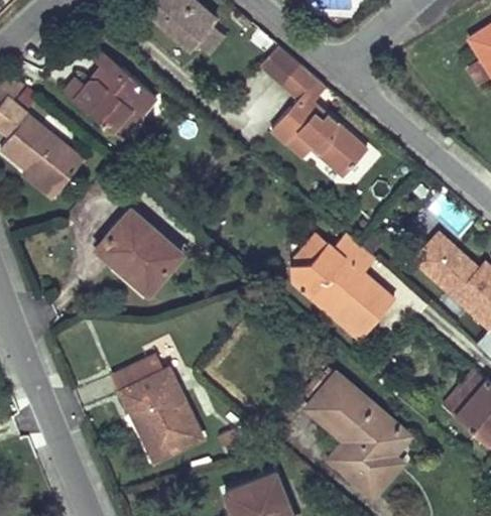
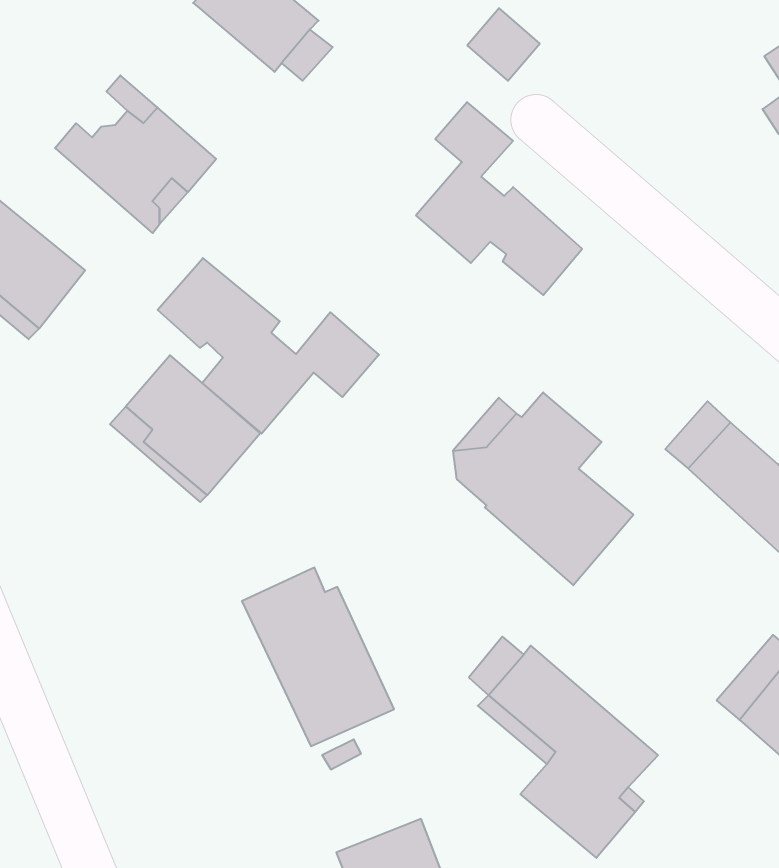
building: [259,44,300,86] -> [467,8,540,81]
building: none -> [158,258,379,434]
building: [115,357,202,459] -> [242,567,394,746]

